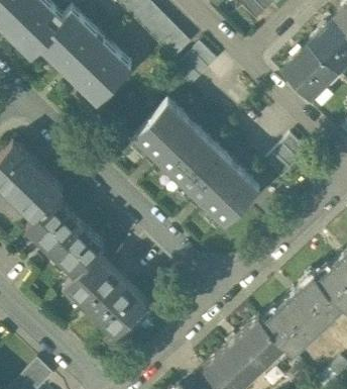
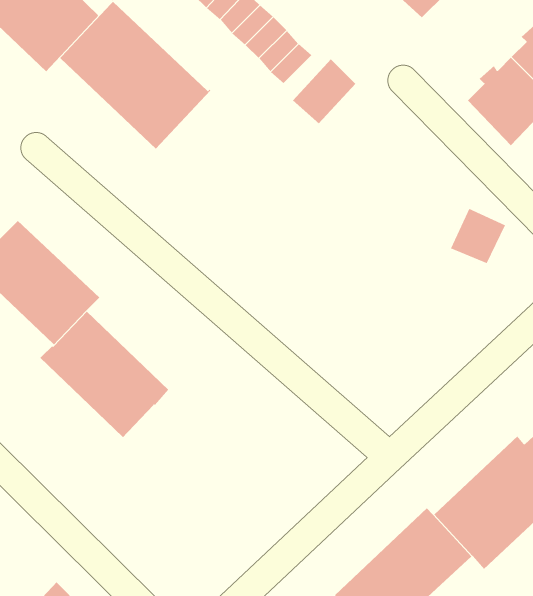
building: [135,101,258,222] -> none
building: [67,256,146,335] -> none

